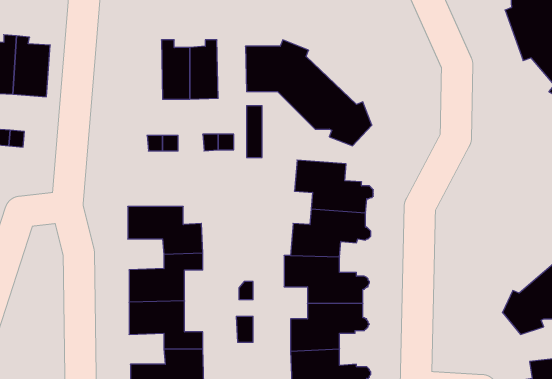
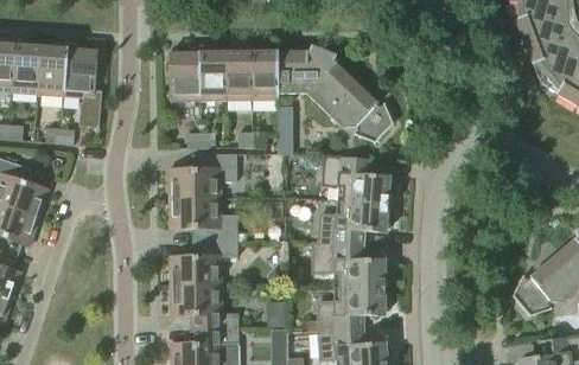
building: none -> [168,45,201,100]
building: none -> [250,45,278,98]
building: none -> [168,153,236,198]

